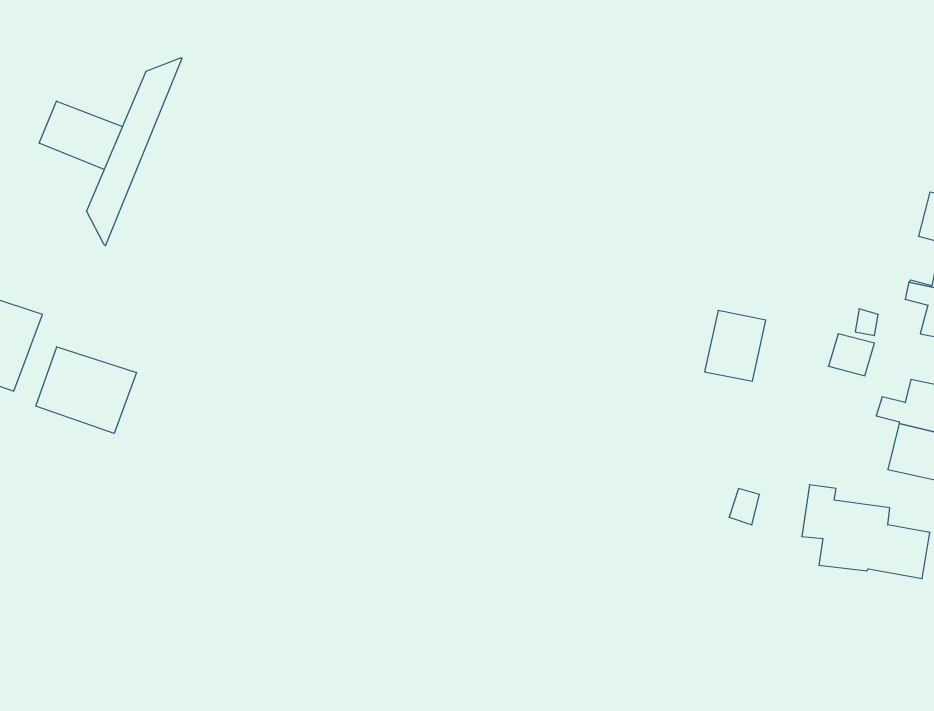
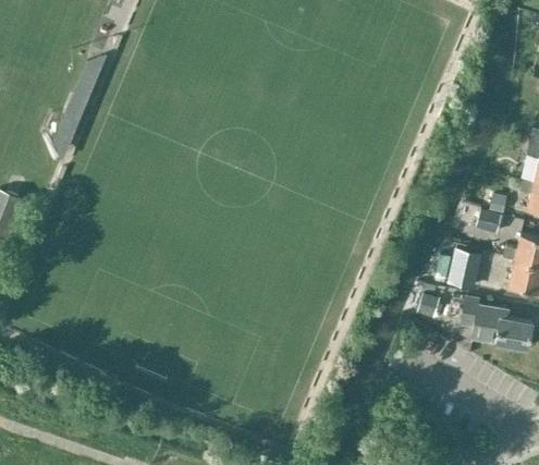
building: [39,101,122,170] -> none
building: [705,311,766,381] -> [446,248,481,289]
building: [36,347,136,433] -> none

